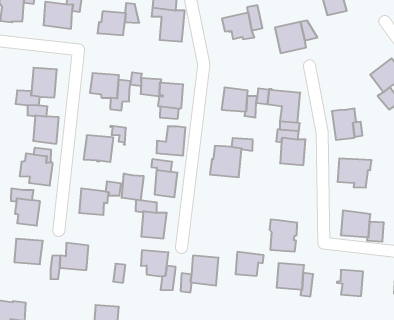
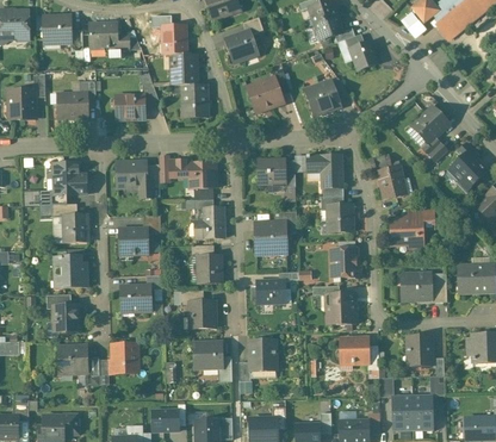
building: [122,173,144,200] -> none
building: none -> [331,248,361,276]
building: [236,252,264,276] -> [256,280,285,304]

